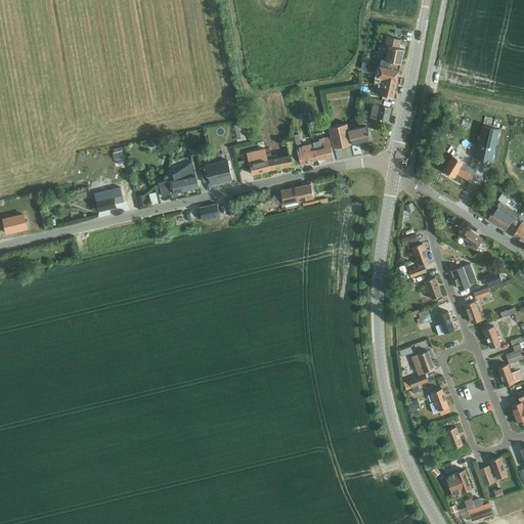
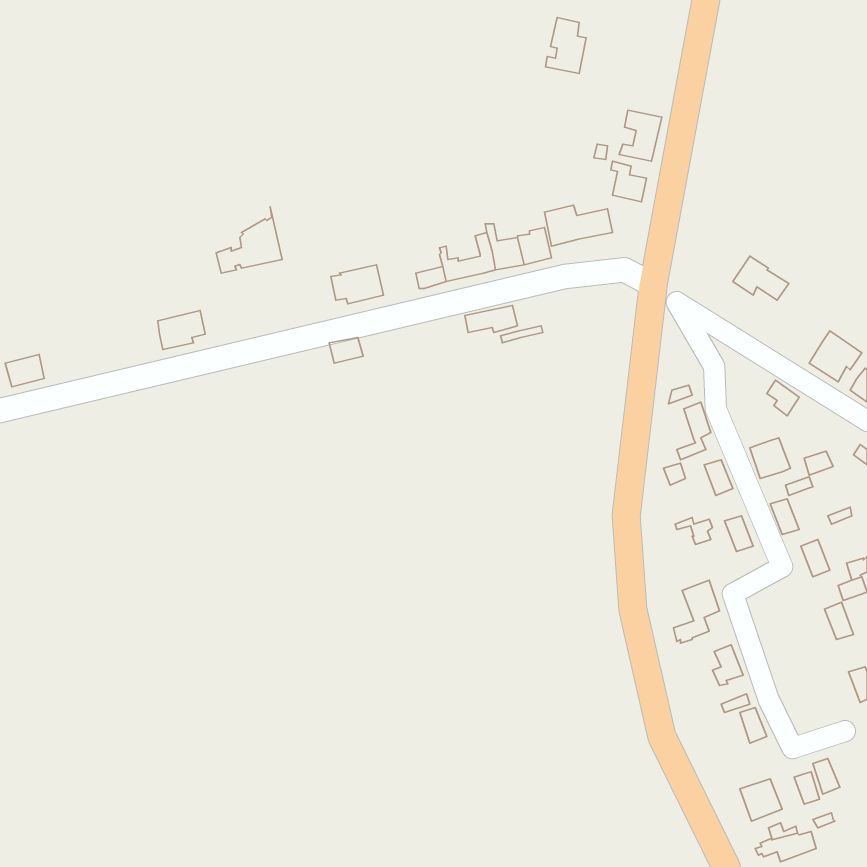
building: [379,37,403,71] -> [545,18,586,74]
building: [474,126,498,163] -> none
building: [159,156,199,195] -> [216,207,282,273]

